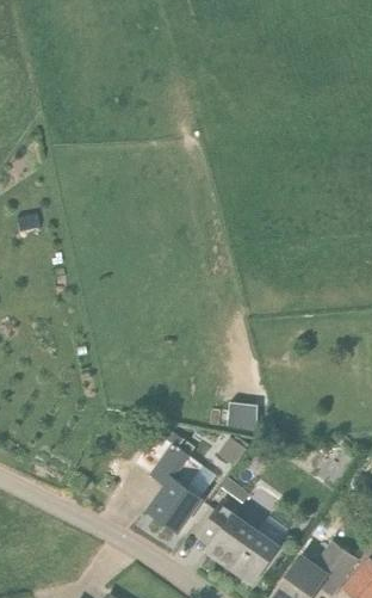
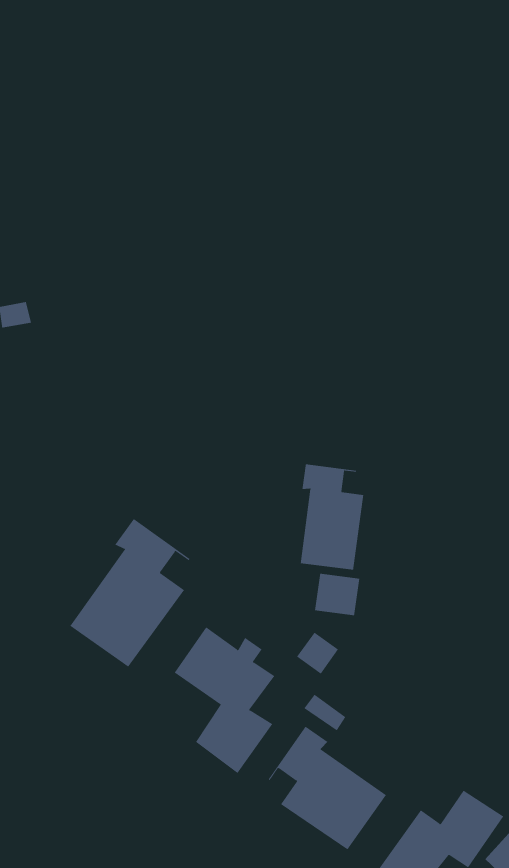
building: none -> [300,464,364,570]
building: none -> [70,518,190,668]

